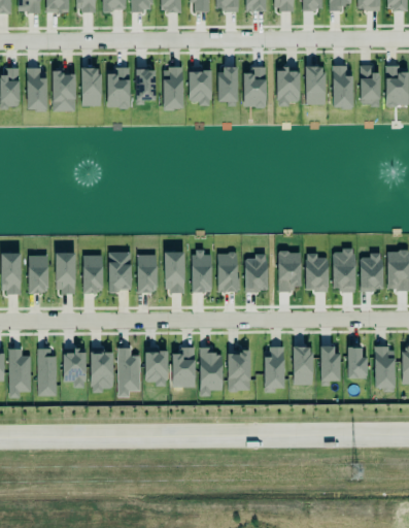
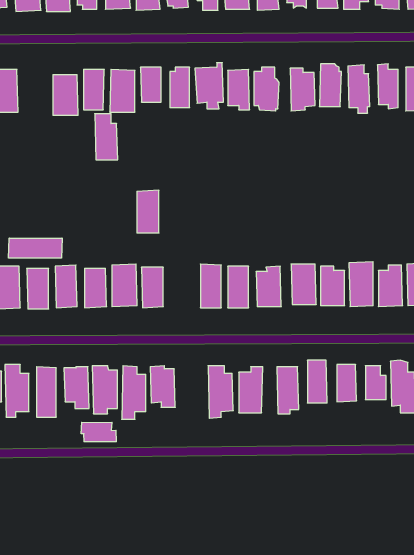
building: [26,68,47,111] -> [95,114,118,160]
building: none -> [9,238,62,258]
building: [164,252,184,292] -> [137,190,159,233]
building: [172,348,195,388] -> none
building: none -> [81,422,116,442]

